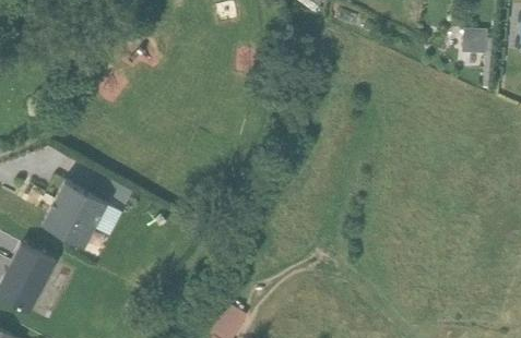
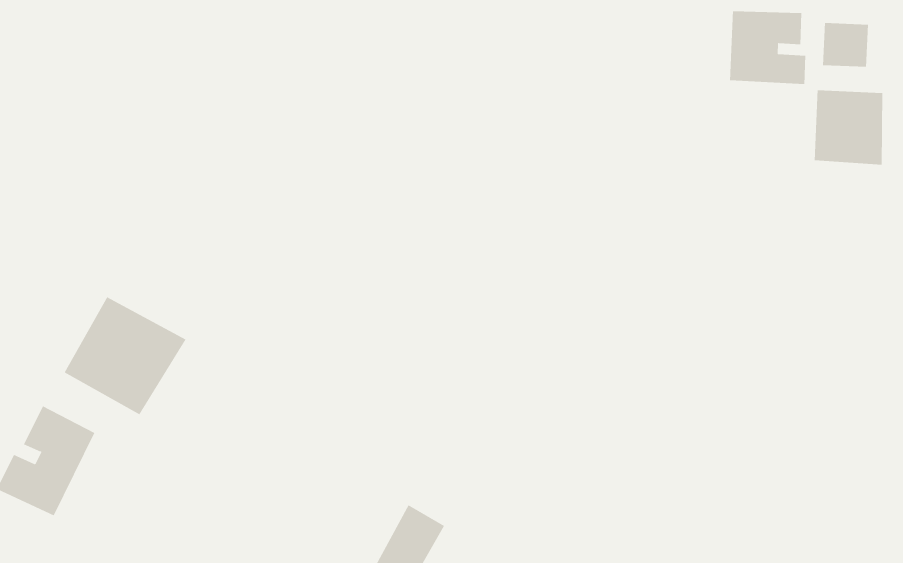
building: none -> [730,10,806,85]
building: none -> [814,90,883,165]

